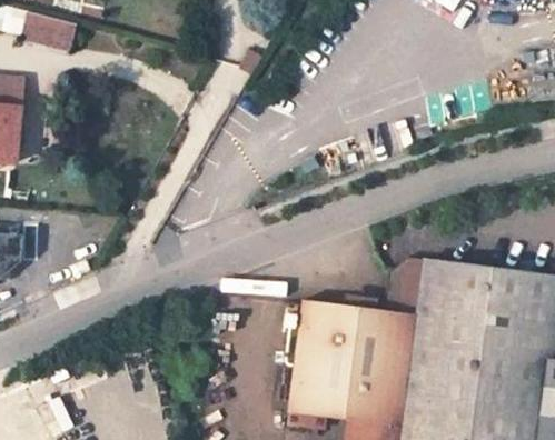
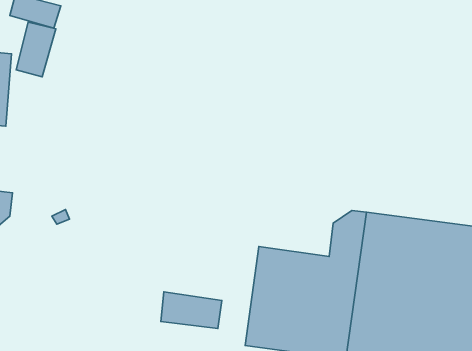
building: none -> [16,22,56,77]
building: none -> [161,292,222,328]

